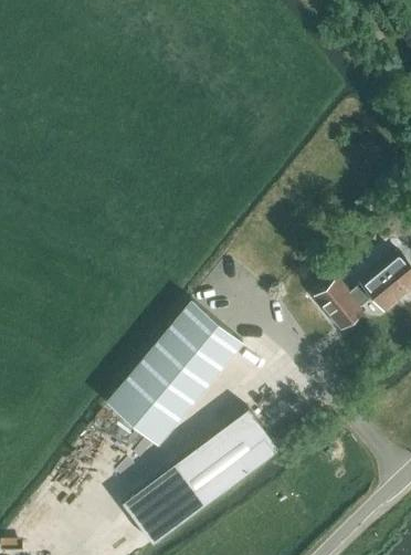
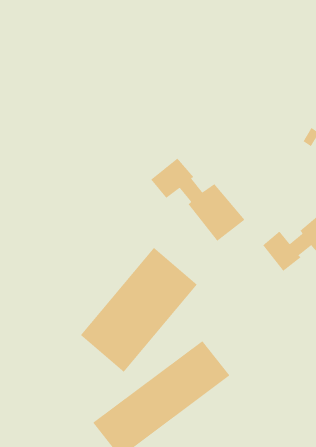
building: none -> [150,157,246,242]

